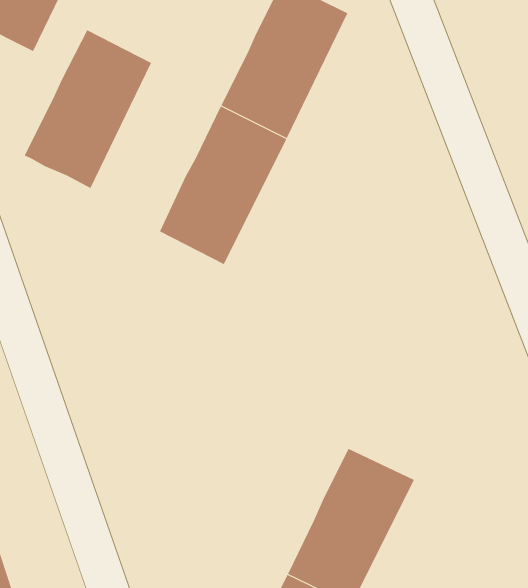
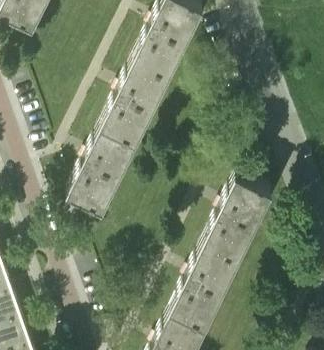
building: [24,30,152,189] -> [66,129,135,215]
building: none -> [202,178,271,263]

